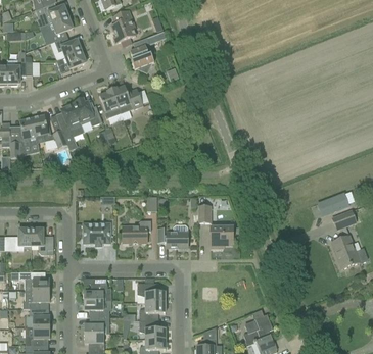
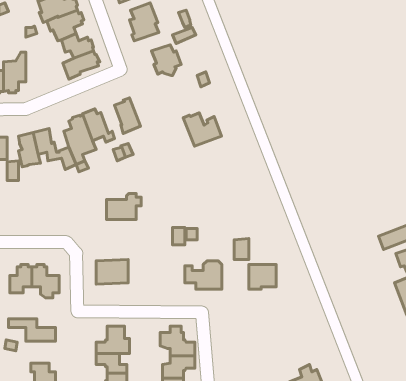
building: [111,85,143,112] -> [183,113,221,146]
building: [123,220,151,242] -> [107,193,141,219]
building: [22,290,50,308] -> none

